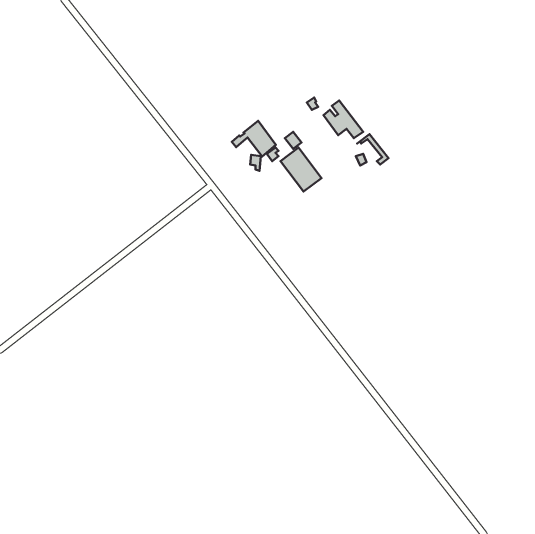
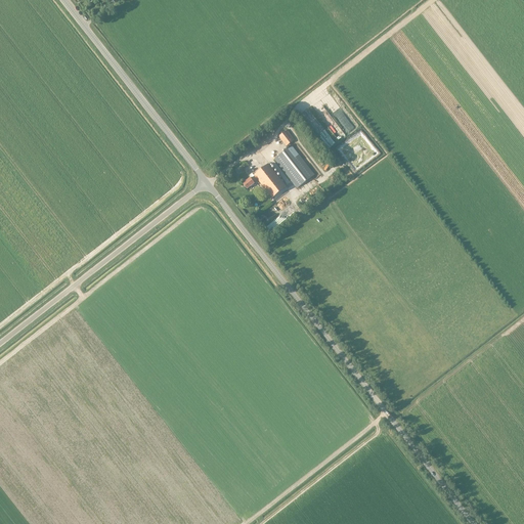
building: [232,121,276,156] -> [243,163,286,198]

